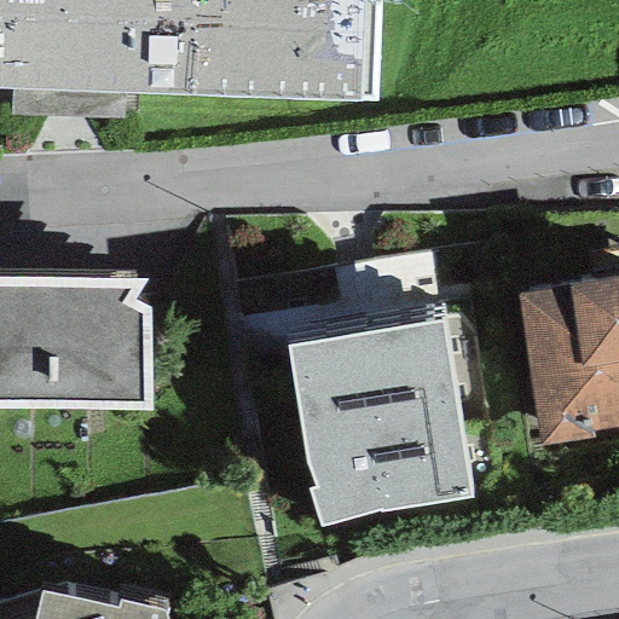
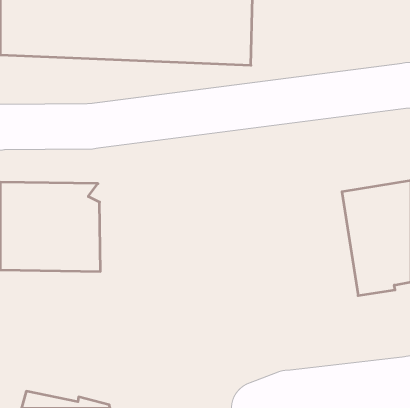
building: [287,317,472,525] -> none

